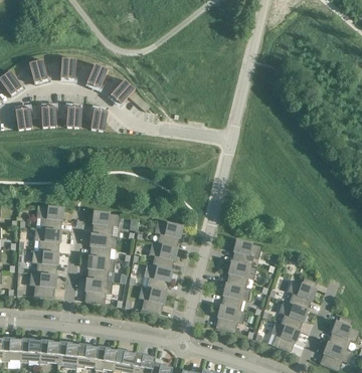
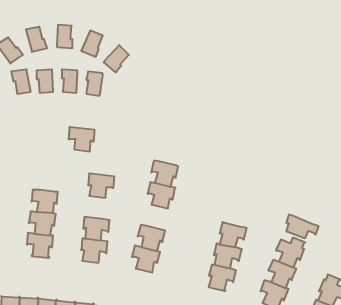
building: [35,204,62,229] -> [68,127,95,151]
building: [88,233,117,257] -> none
building: [232,238,260,265] -> none
building: [148,241,176,268] -> [151,161,178,187]
building: none -> [286,214,318,238]

